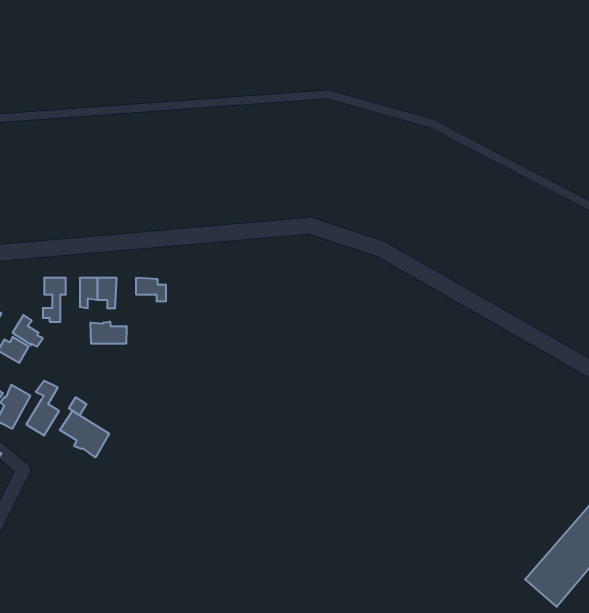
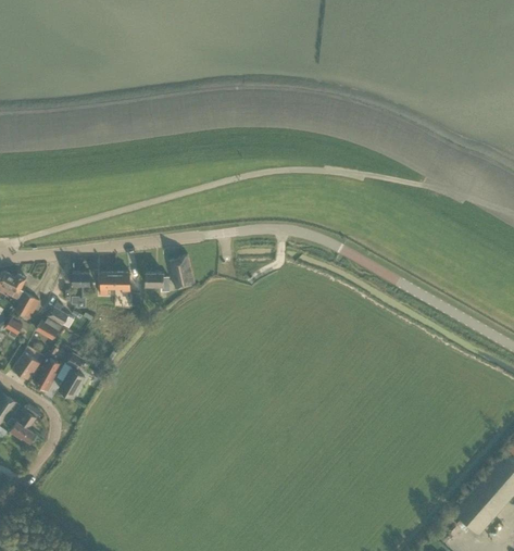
building: none -> [168,256,193,288]
building: [91,321,127,344] -> none
building: [60,411,109,457] -> none

